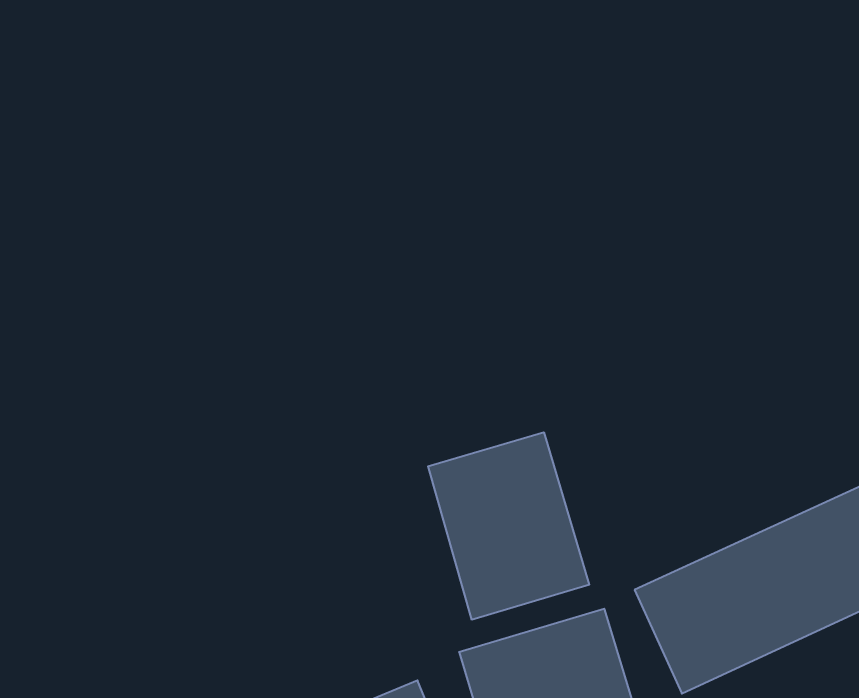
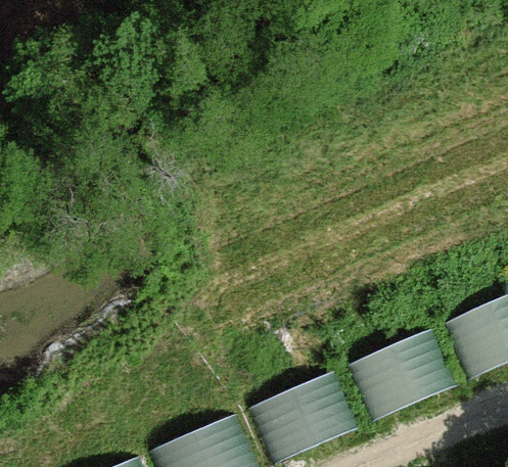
building: [428,432,589,620] -> none

